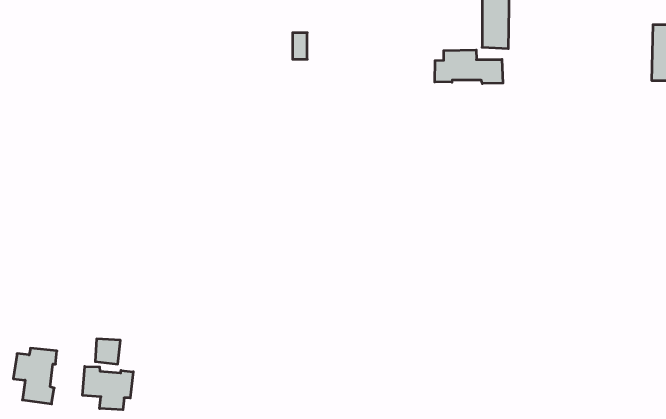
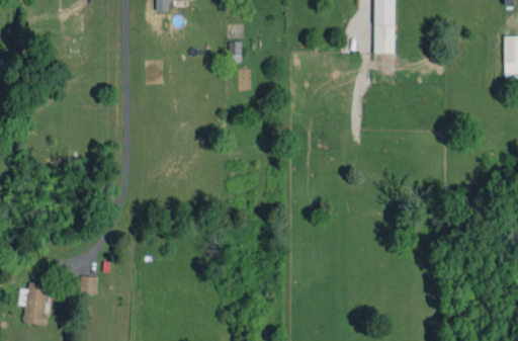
building: [435,50,503,84] -> none
building: [83,366,133,410] -> none

